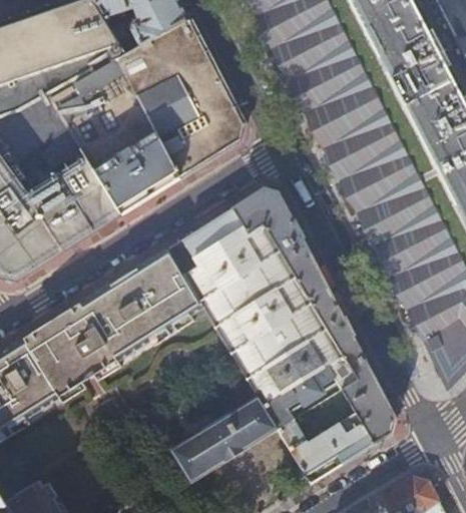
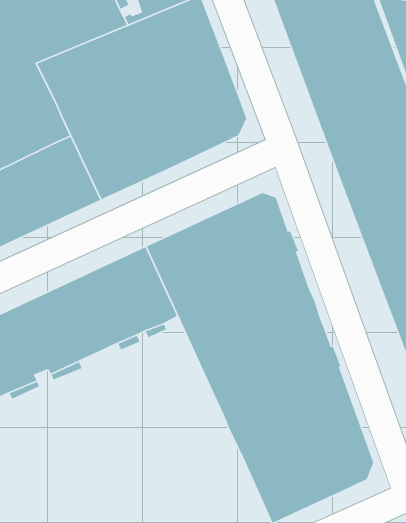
building: [172,396,277,480] -> none

